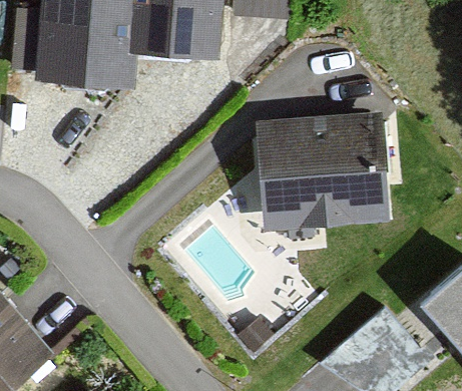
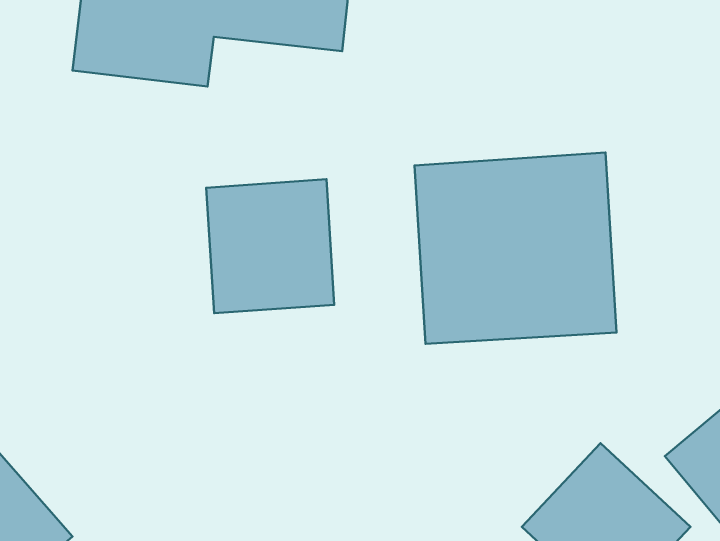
building: none -> [206,179,334,313]

